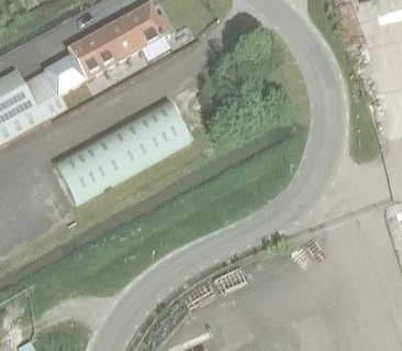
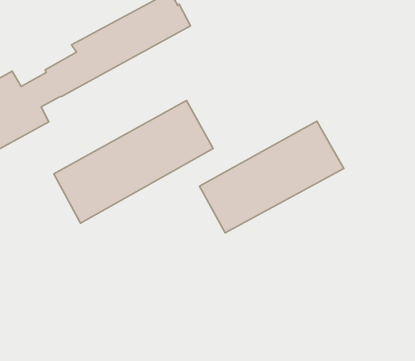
building: none -> [199,121,344,233]

